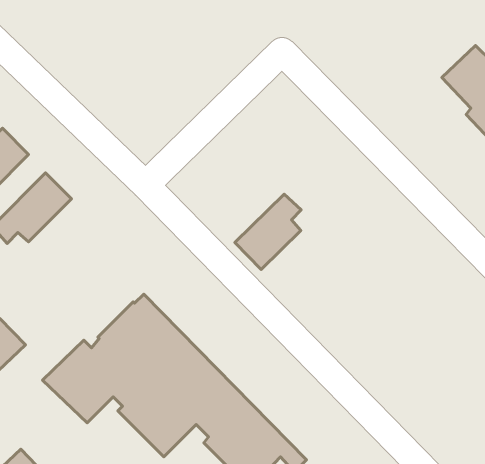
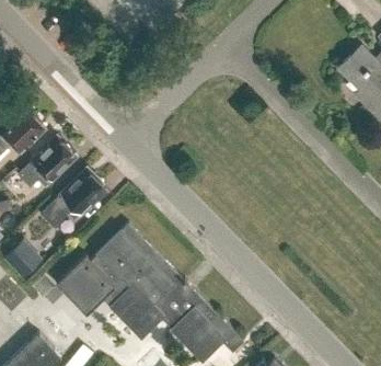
building: [235,194,301,269] -> none
building: none -> [41,170,105,227]

